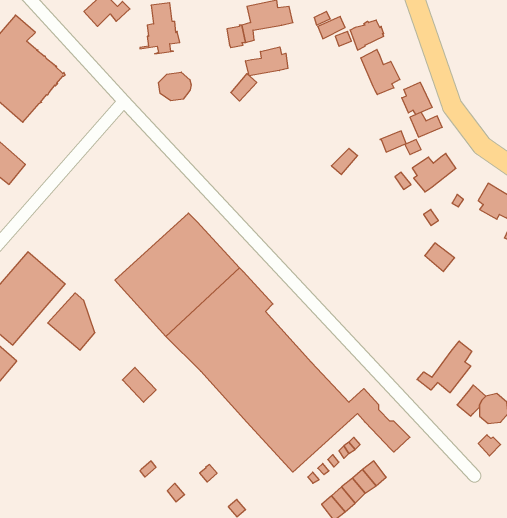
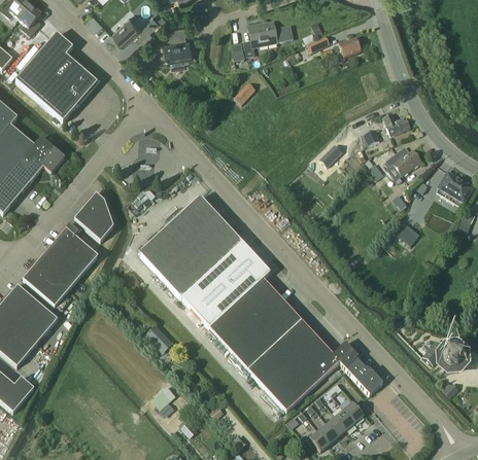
building: [246,47,288,76] -> none
building: [361,49,400,95] -> none
building: [159,72,191,101] -> none
building: [402,82,432,115] -> none
building: [48,293,95,350] -> [74,193,113,241]
building: [417,341,472,393] -> none

